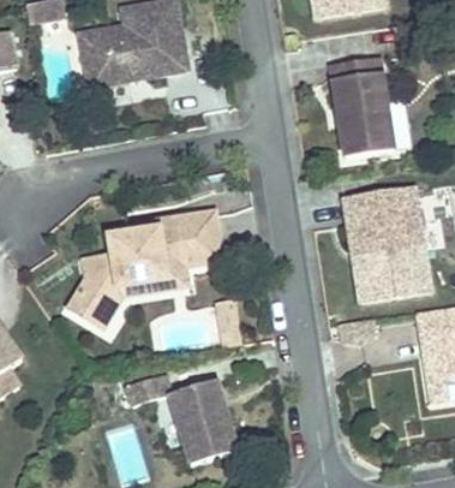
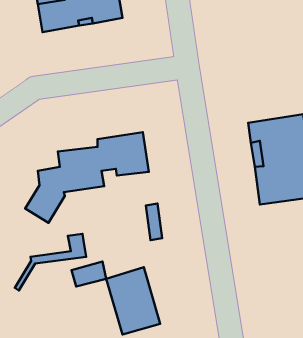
building: [331,58,394,159] -> none
building: [96,257,185,328] -> [15,234,86,291]

